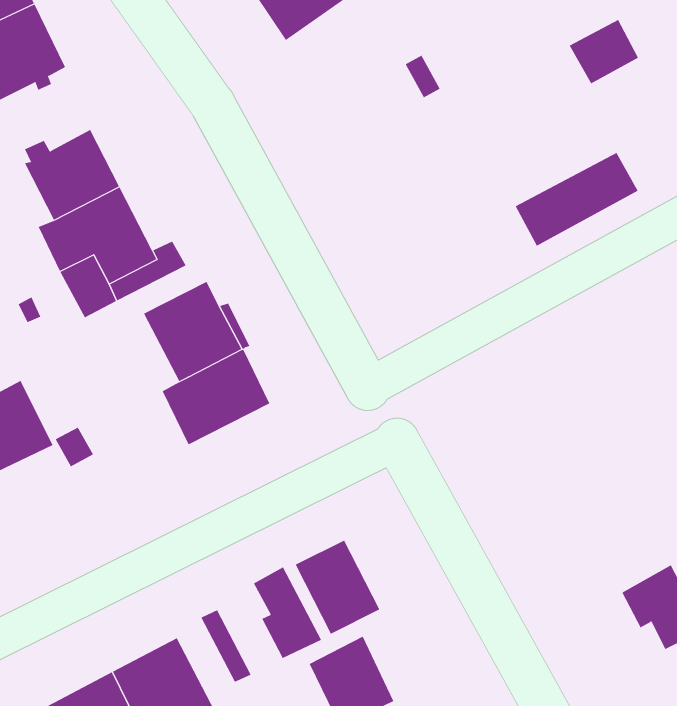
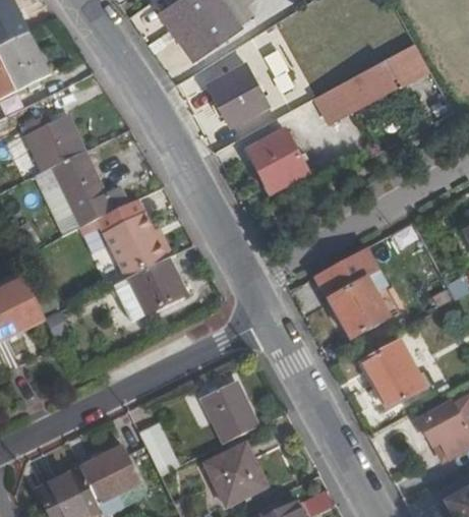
building: none -> [207,60,269,123]
building: none -> [244,126,306,190]
building: [515,152,639,247] -> [314,59,396,121]
building: none -> [312,247,387,338]
building: none -> [359,341,423,408]
building: [253,567,322,659] -> none

